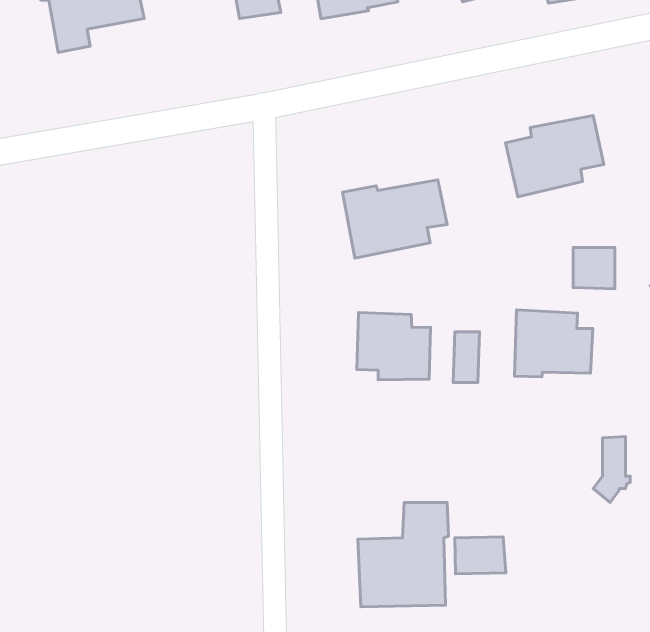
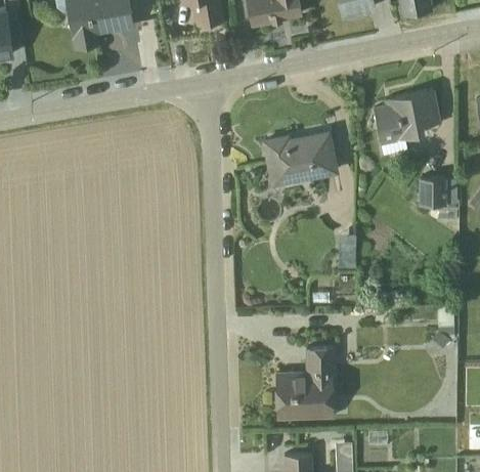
building: [515,310,593,377] -> none
building: [357,312,430,380] -> none
building: [455,537,506,574] -> none

